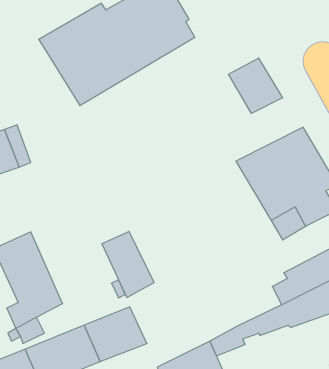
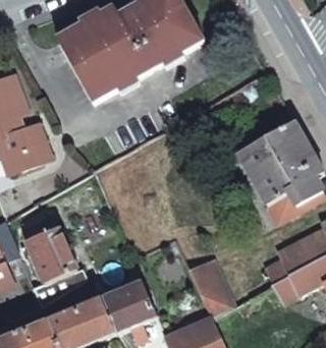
building: [228,58,282,113] -> none
building: [102,231,154,297] -> [189,253,236,312]

